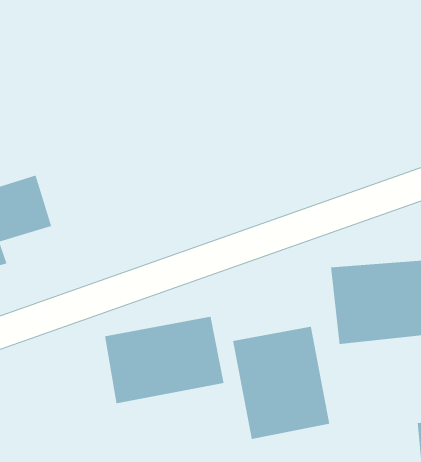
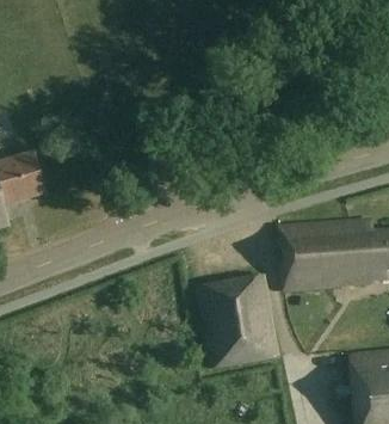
building: [104,316,225,404] -> none

